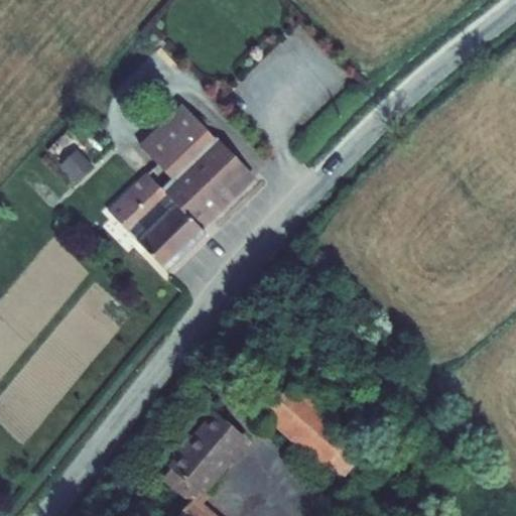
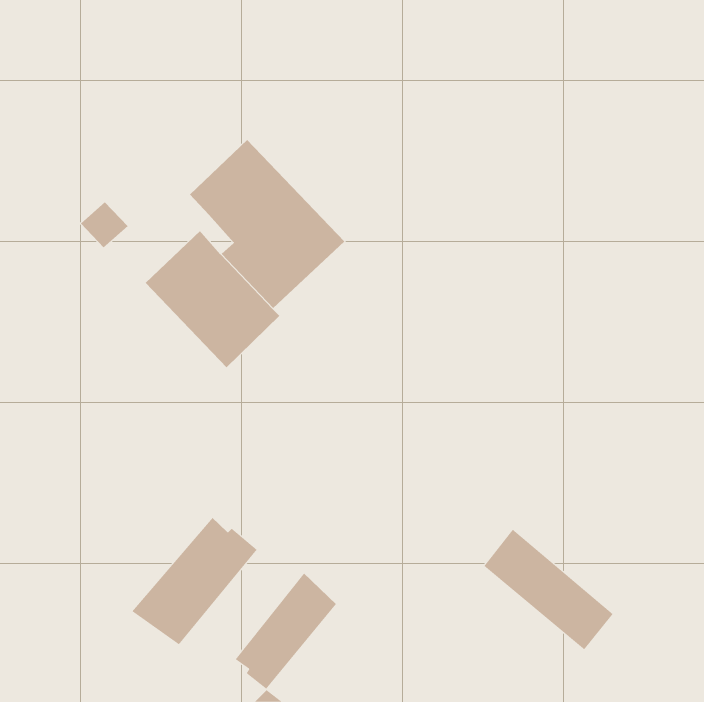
building: none -> [131,517,258,645]
building: [267,391,362,480] -> [484,529,613,650]

